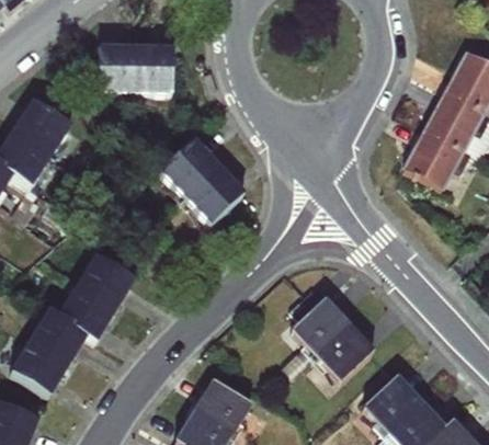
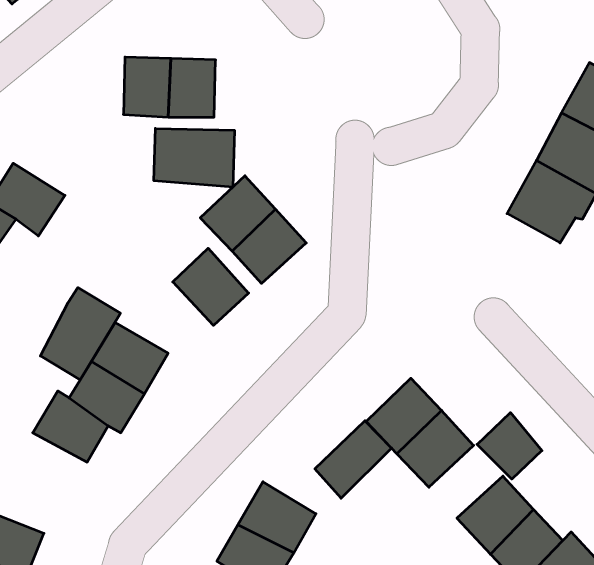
building: [14,99,73,153] -> none
building: none -> [154,128,234,187]
building: none -> [173,248,249,325]
building: none -> [40,288,120,380]
building: none -> [477,413,542,479]
building: none -> [315,421,392,498]
building: [12,340,72,393] -> none

